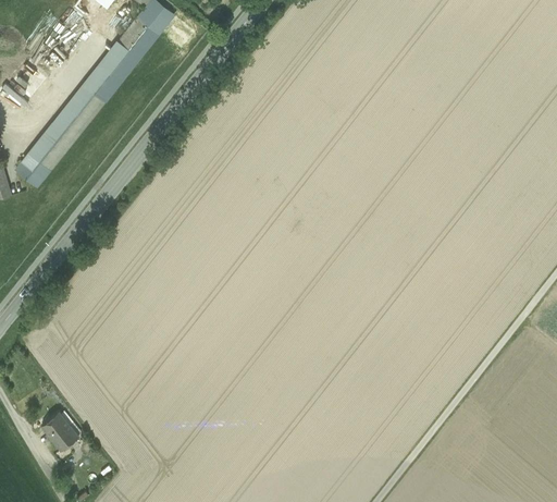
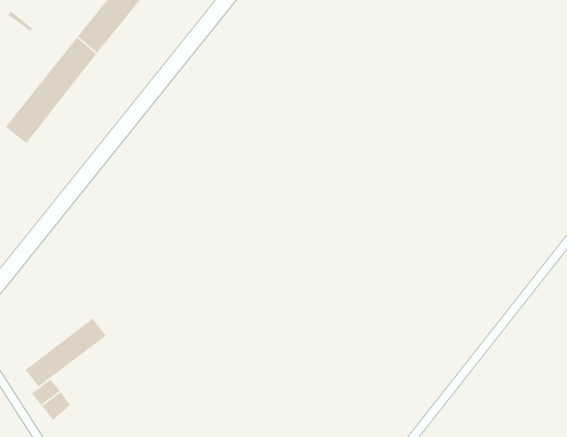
building: none -> [24,317,107,388]

